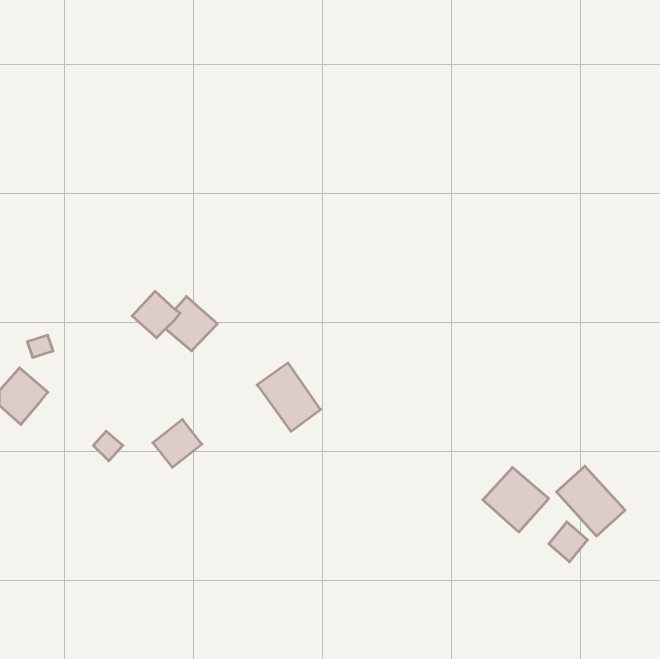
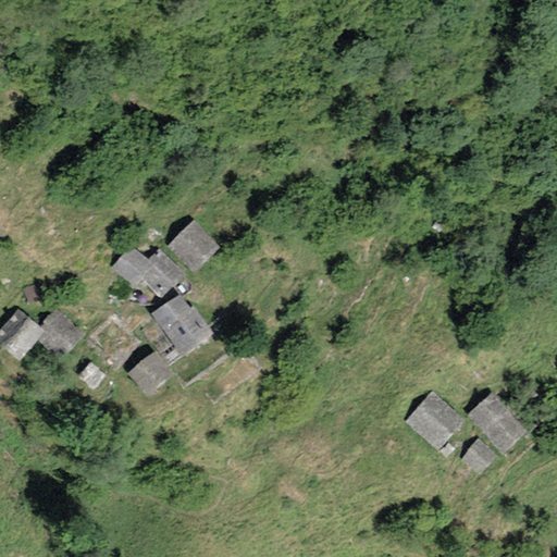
building: none -> [170,224,215,270]
building: [257,363,321,431] -> [152,295,206,352]
building: none -> [35,311,83,359]

